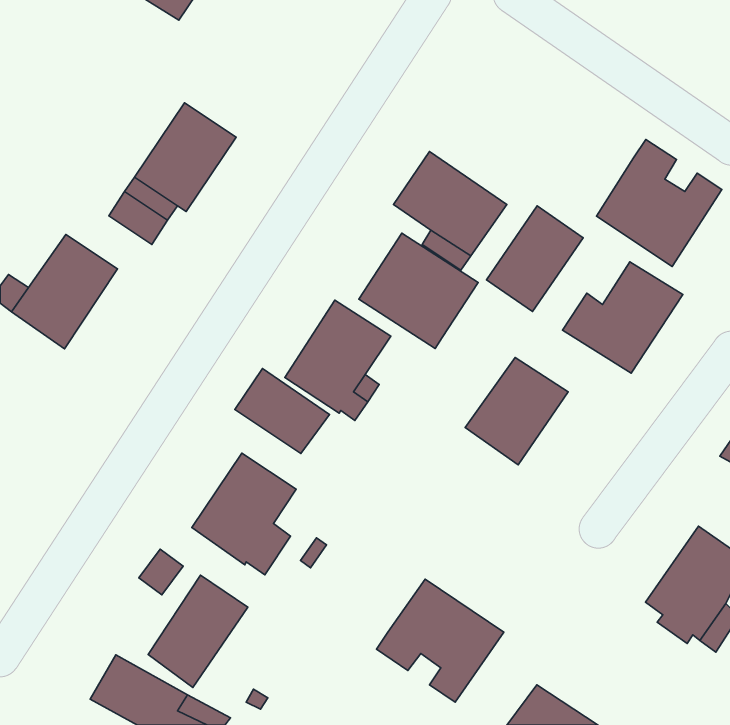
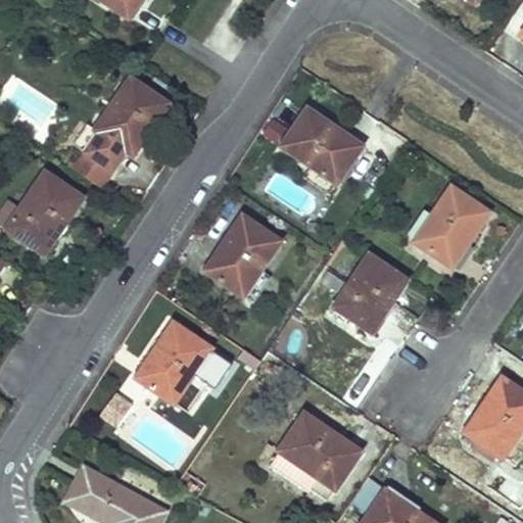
building: [596,139,722,266] -> none
building: [487,206,583,312] -> none
building: [359,233,478,349] -> none
building: [235,369,330,453] -> none
building: [148,575,248,688] -> none

